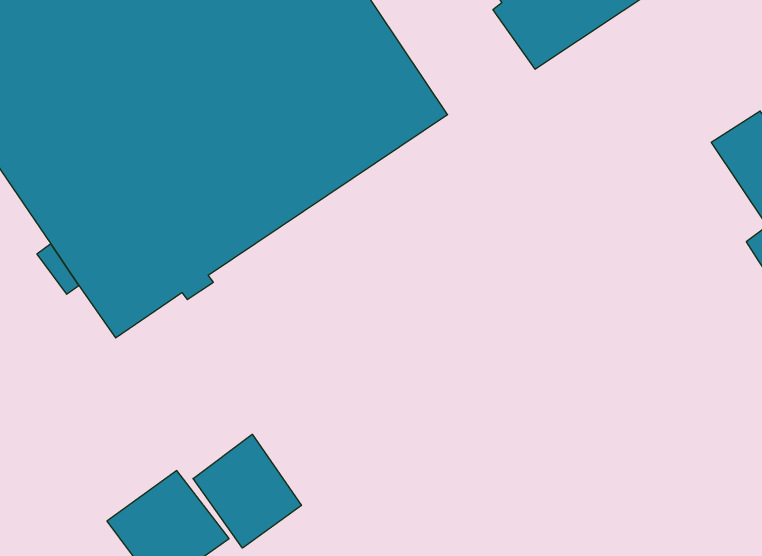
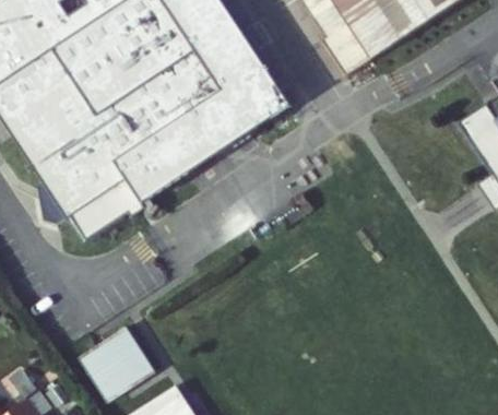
building: [193,434,301,548] -> none

